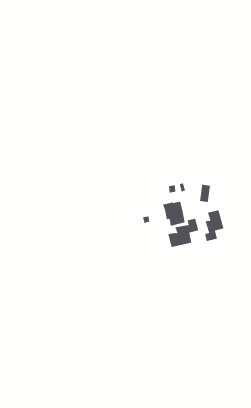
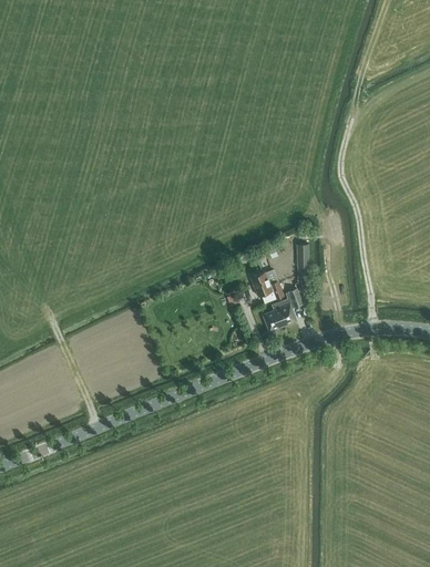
building: [205,209,224,242] -> none

